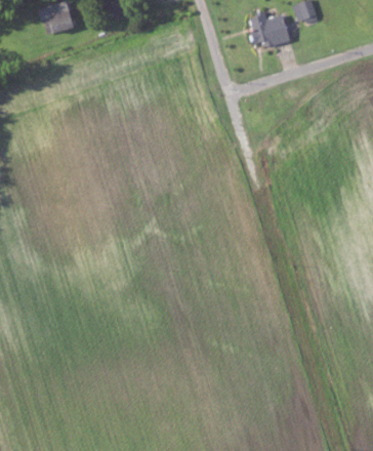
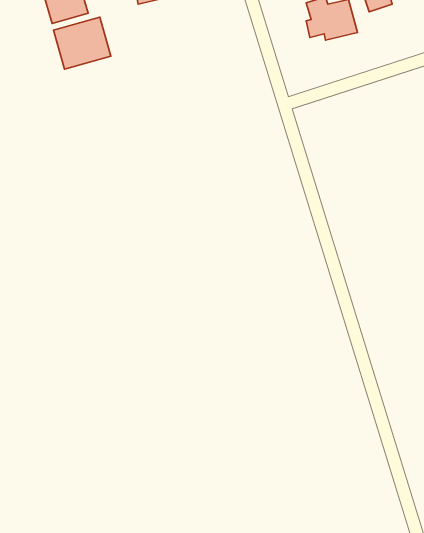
building: none -> [54,17,111,69]

